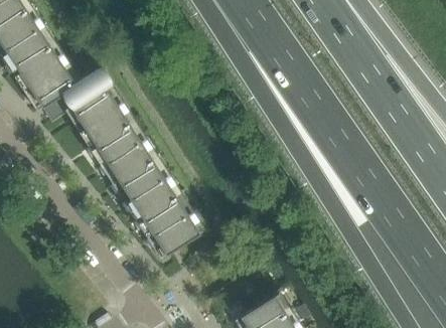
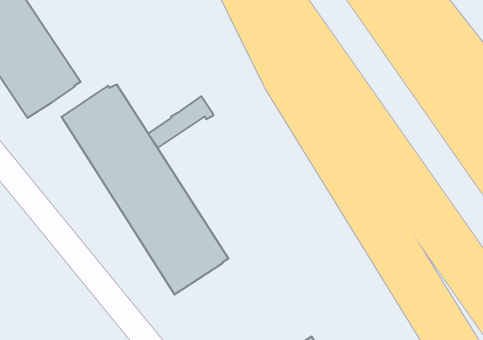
building: [57,65,112,109] -> [148,96,213,148]

